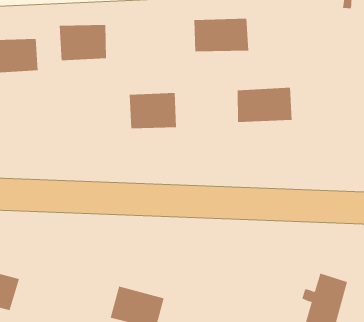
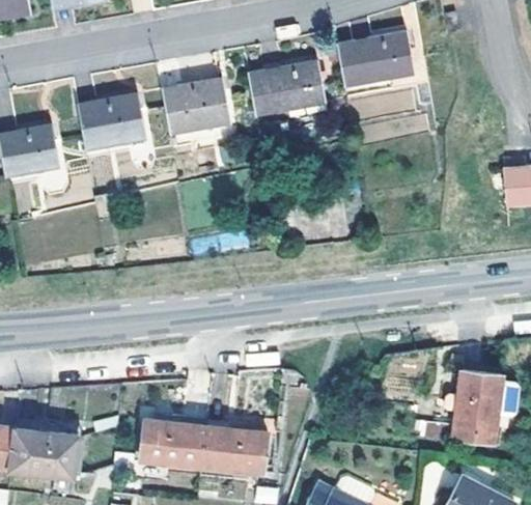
building: [237,87,293,123] -> [339,29,416,84]
building: [129,92,177,129] -> [165,78,232,133]
building: none -> [141,420,204,468]

